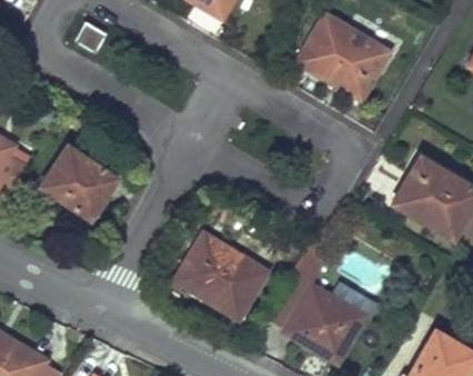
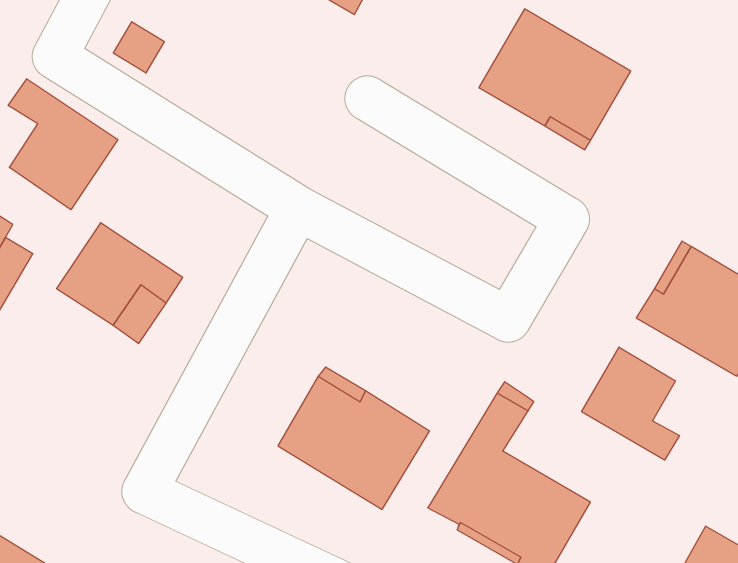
building: none -> [8,79,118,210]
building: none -> [582,347,679,460]

